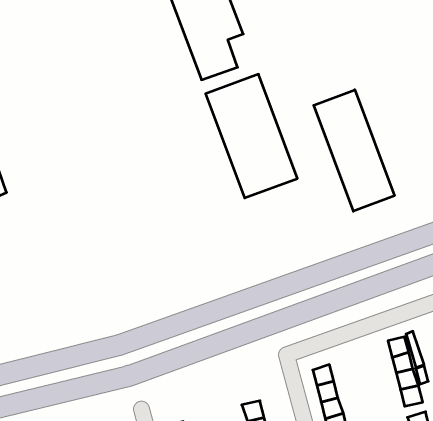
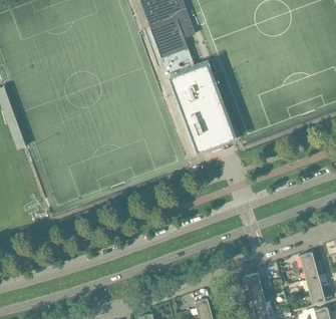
building: [314,90,394,211] -> none

